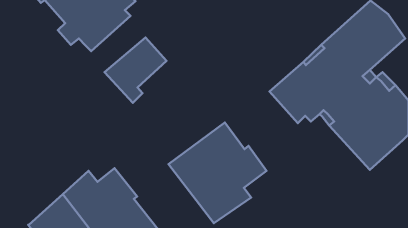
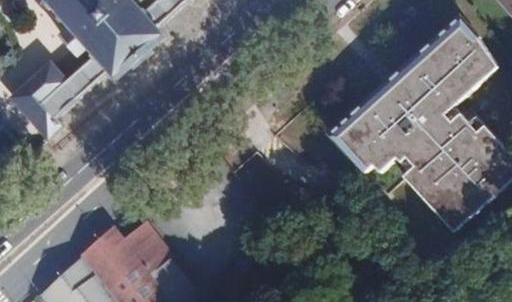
building: [104,38,167,103] -> [15,58,92,139]
building: [169,122,267,223] -> none

